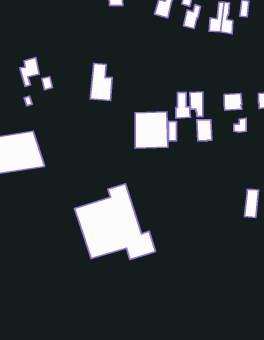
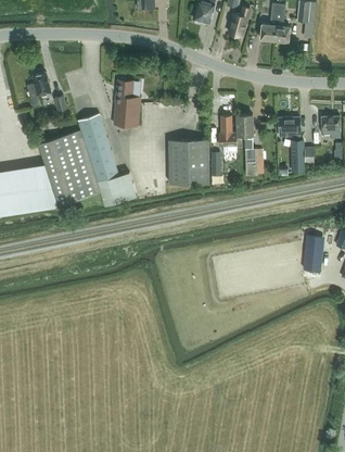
building: [74,184,155,259] -> [36,114,136,208]

